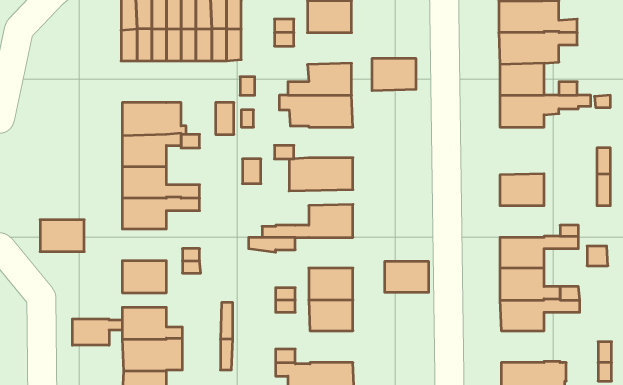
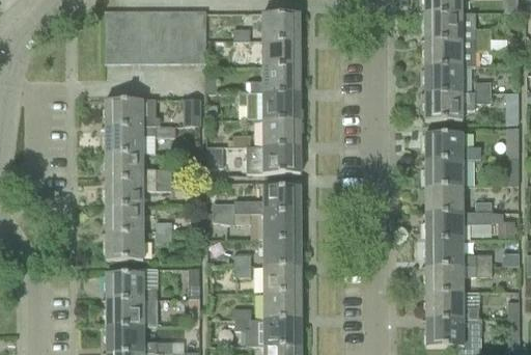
building: [372,59,416,91] -> [262,39,300,66]
building: none -> [263,119,301,145]
building: none -> [425,132,480,160]
building: none -> [425,186,463,213]
building: [40,220,84,252] -> [106,206,143,233]
building: [385,262,429,292] -> [263,213,301,239]
building: [72,319,122,345] -> none
building: none -> [264,292,301,319]
building: none -> [426,292,478,319]

